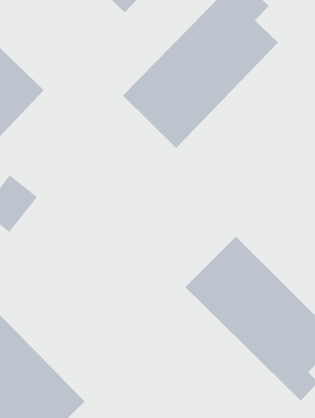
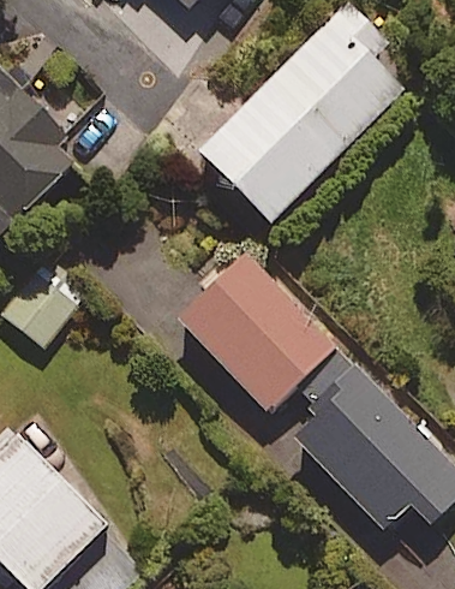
building: none -> [182,255,339,411]

